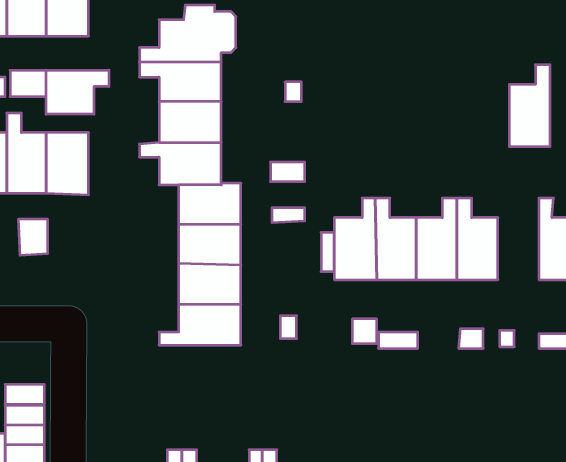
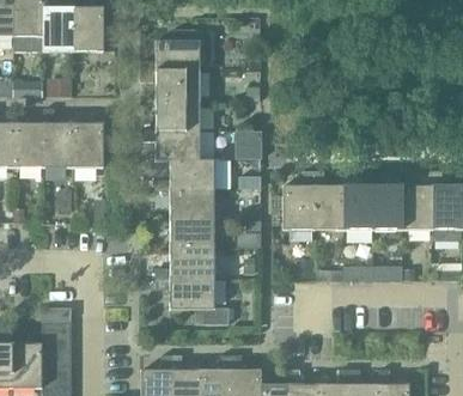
building: [509,65,550,147] -> [402,170,432,230]
building: [46,70,109,114] -> none
building: none -> [154,278,229,323]

